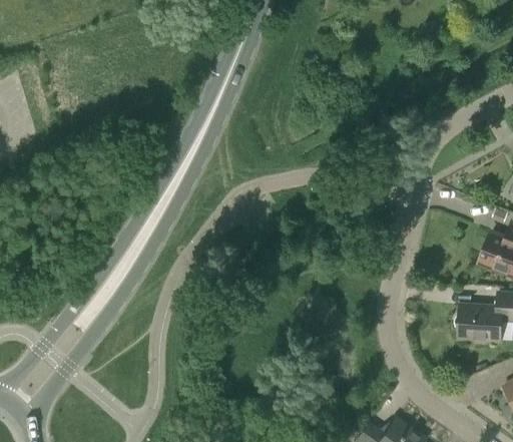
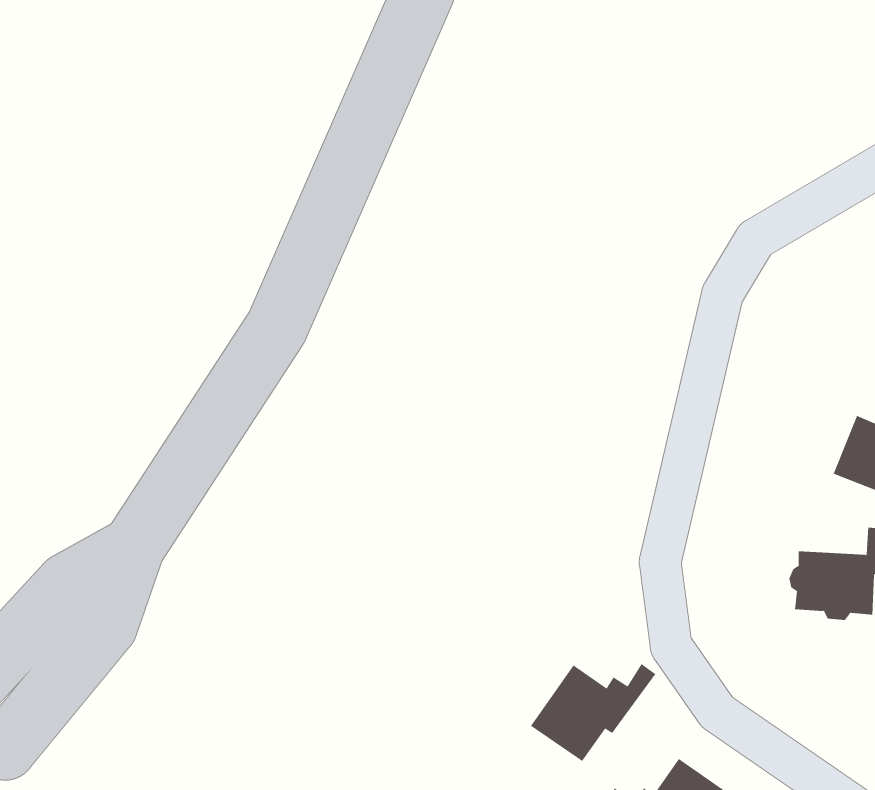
building: none -> [530,663,656,762]

